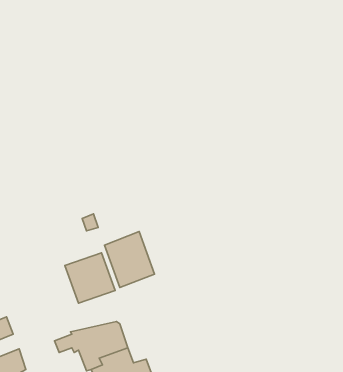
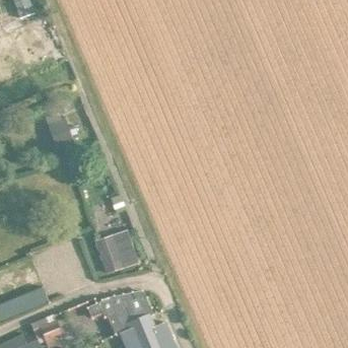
building: none -> [47,119,77,149]
building: [105,232,155,288] -> none

